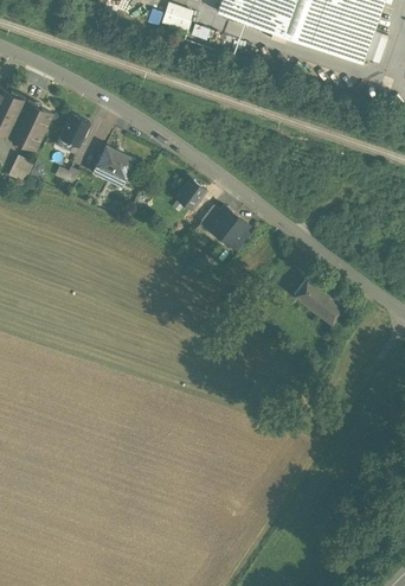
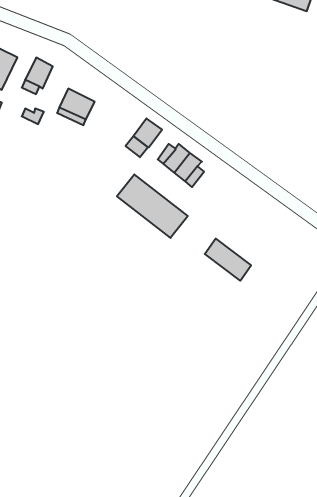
building: none -> [117,174,188,238]
building: [294,276,343,321] -> [205,239,251,281]

